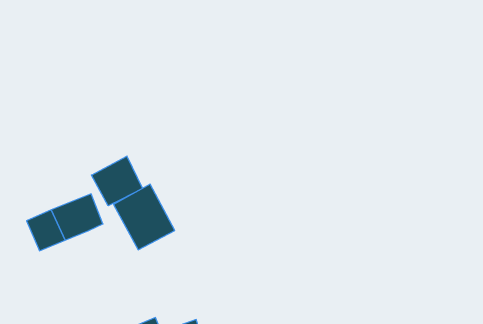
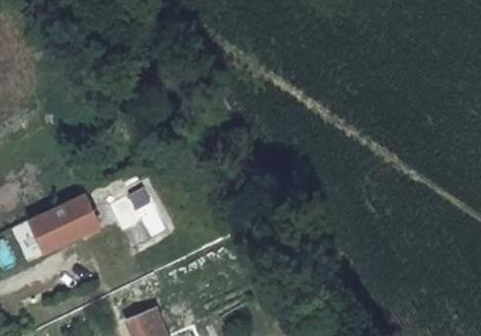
building: [91,156,142,206] -> none

